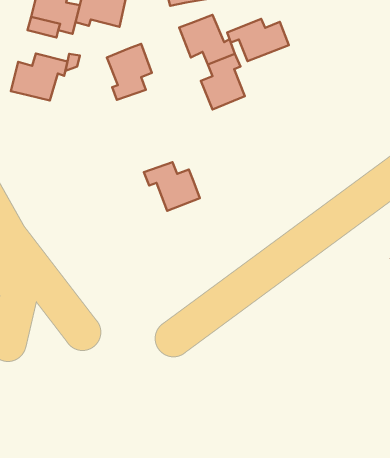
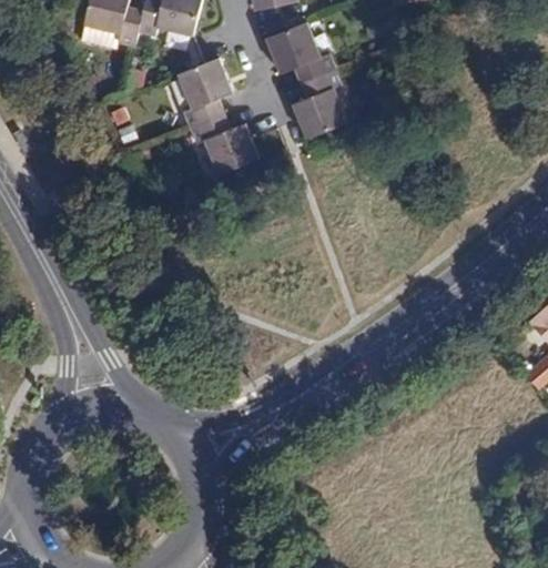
building: [227,19,289,61] -> none
building: [11,54,67,100] -> none
building: [144,162,200,211] -> [189,113,257,173]

